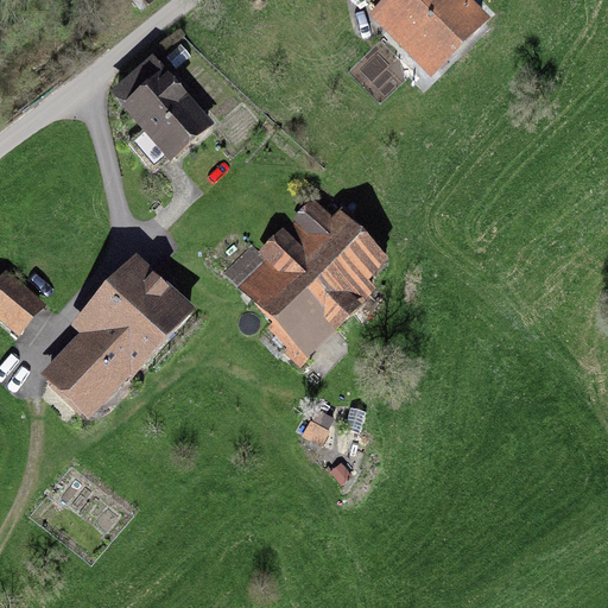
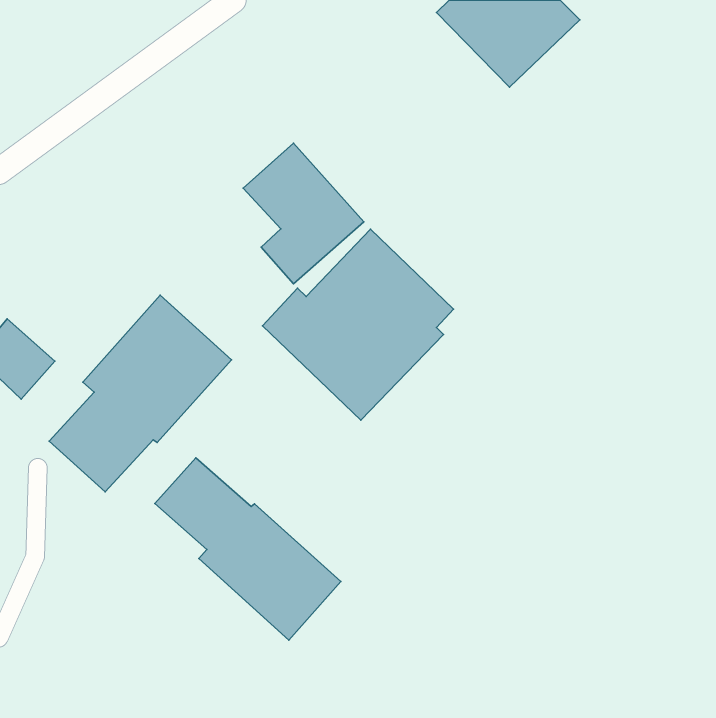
building: [110,56,213,175] -> [243,143,364,284]
building: none -> [155,458,341,640]

